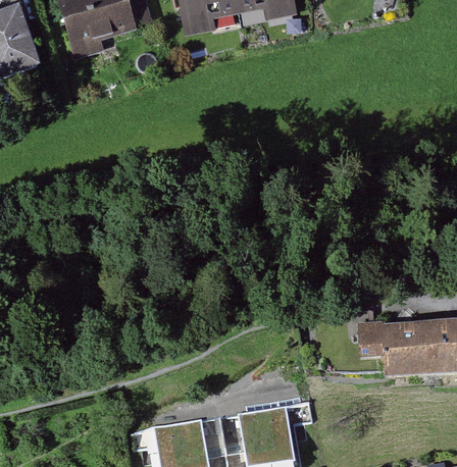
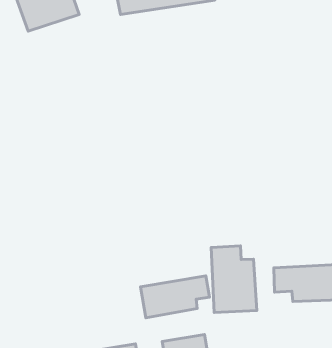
building: none -> [211,246,257,313]
building: none -> [140,276,210,318]

